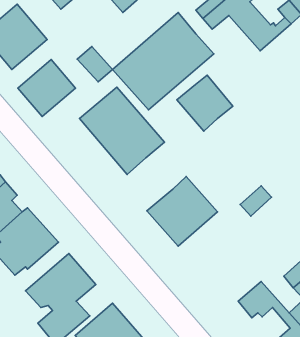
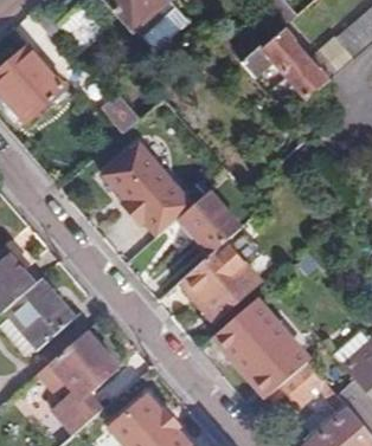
building: [113,12,214,110] -> none
building: [18,60,75,117] -> none
building: [177,75,233,131] -> [177,193,240,257]
building: none -> [212,300,308,397]

